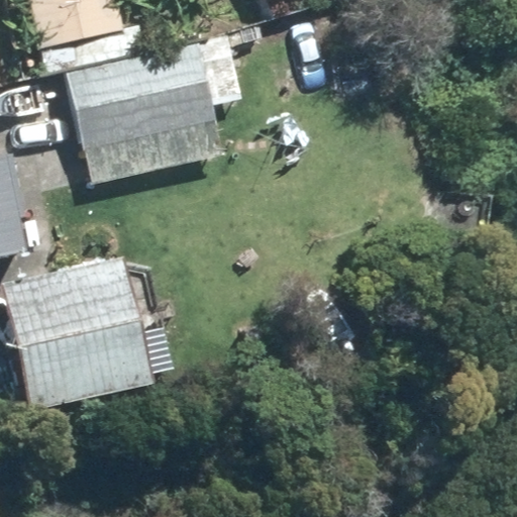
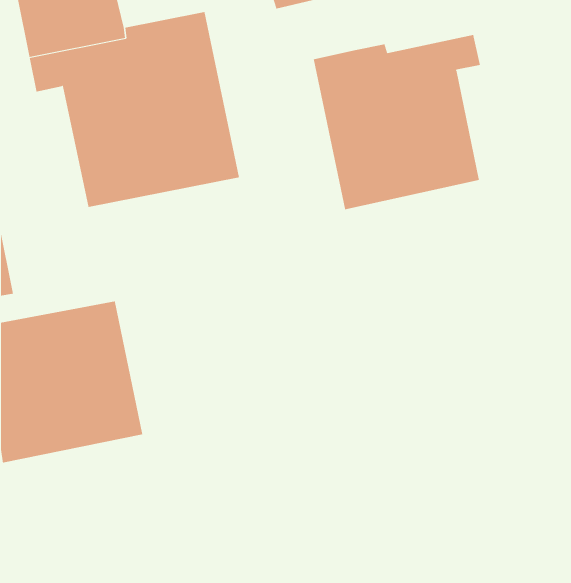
building: none -> [313,34,480,210]

